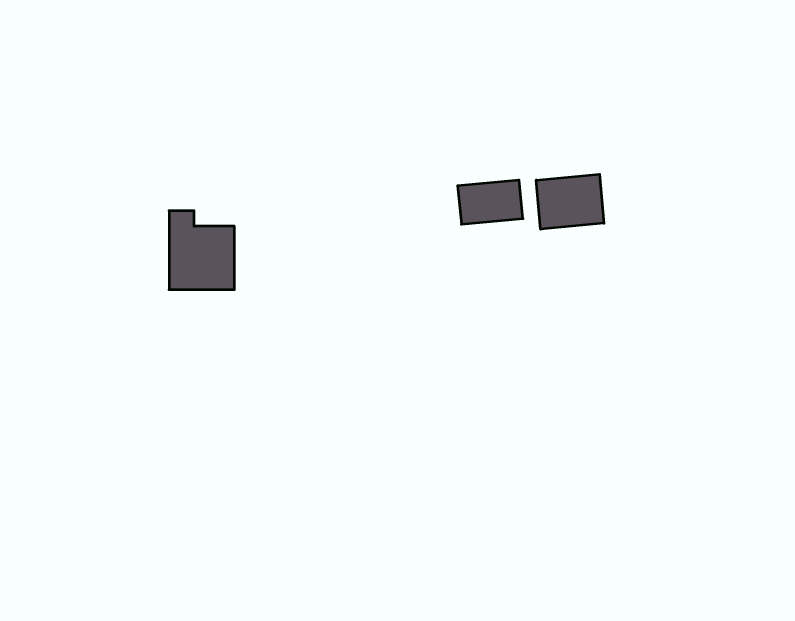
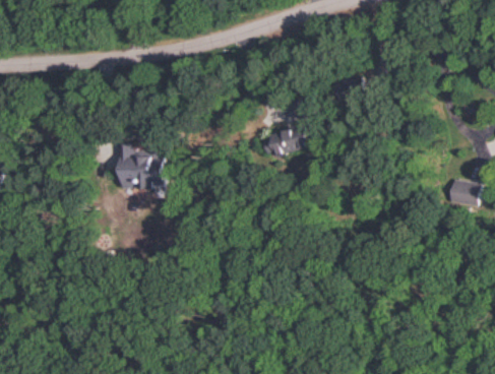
building: [536,174,604,229] -> none

